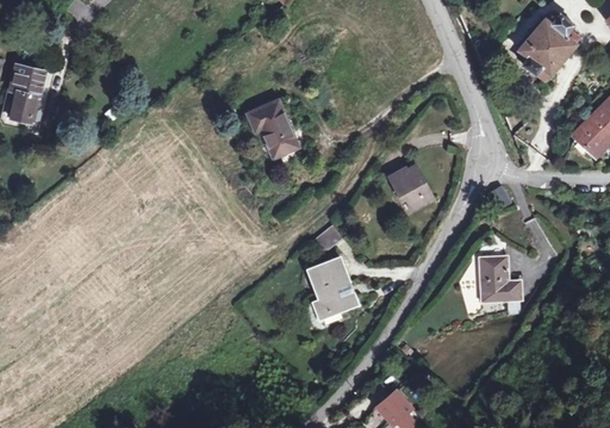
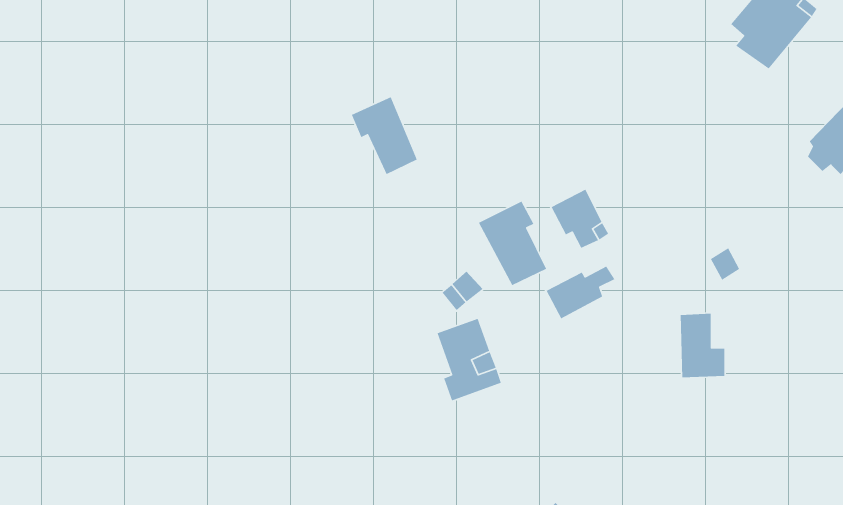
building: [10,64,44,122] -> none
building: none -> [478,201,547,286]
building: none -> [546,265,616,320]

